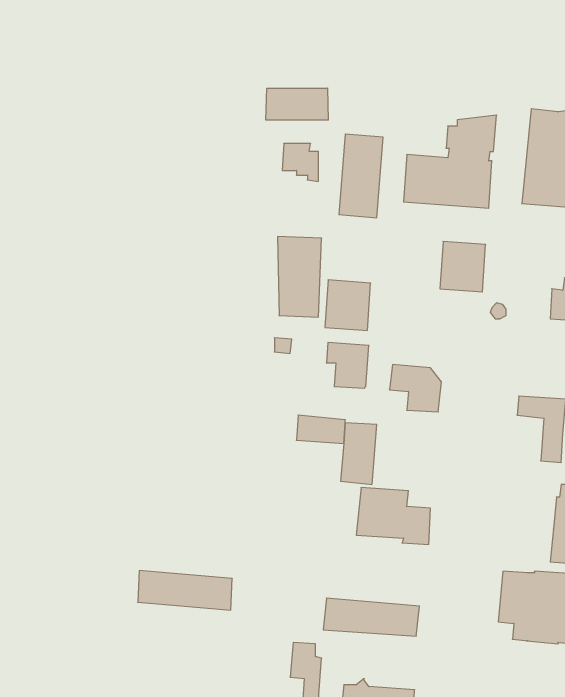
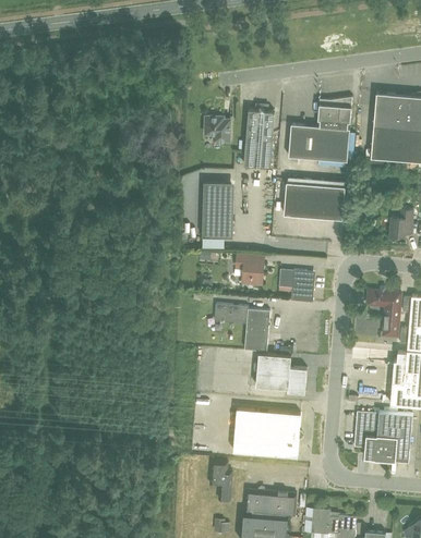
building: [266,88,328,120] -> none
building: [325,280,371,330] -> [284,183,315,218]
building: [138,571,232,610] -> [234,409,300,437]

